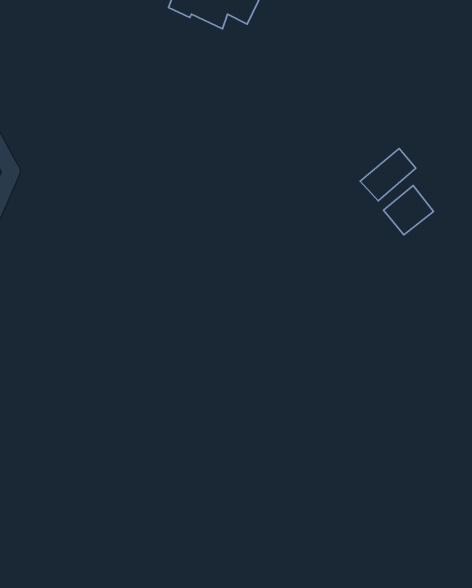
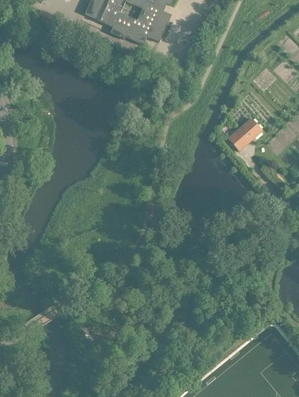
building: [384,186,434,235] -> none

